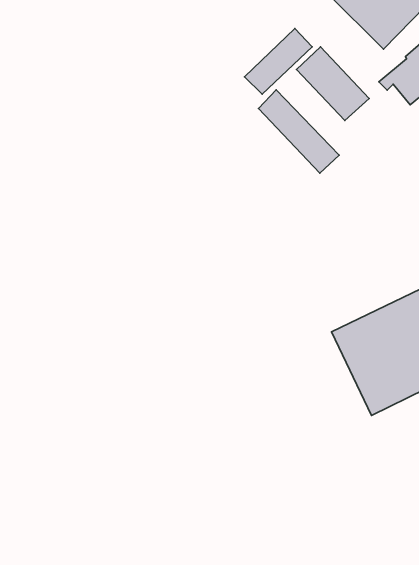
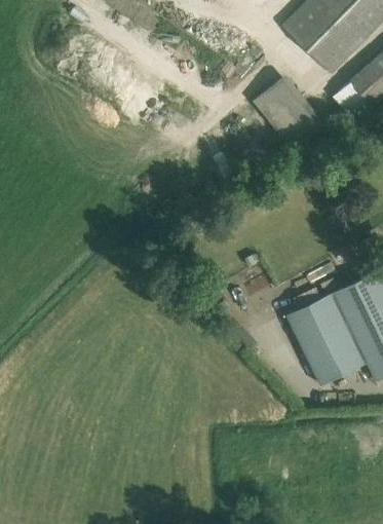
building: [245,28,312,94] -> none
building: [258,90,339,173] -> none

